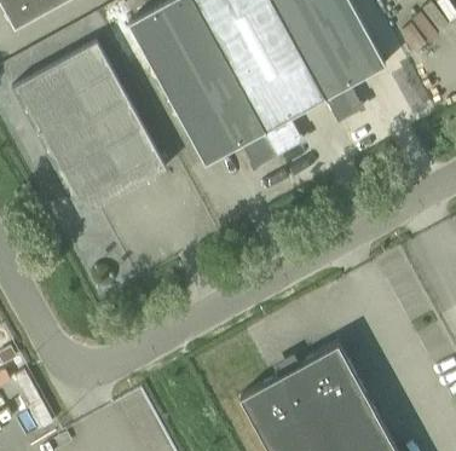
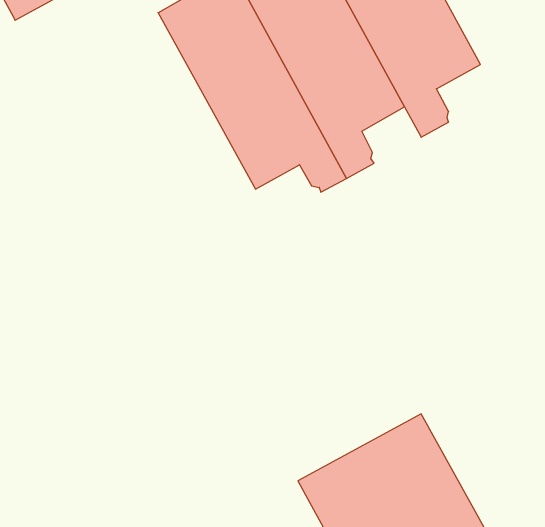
building: [11,41,166,215] -> none

